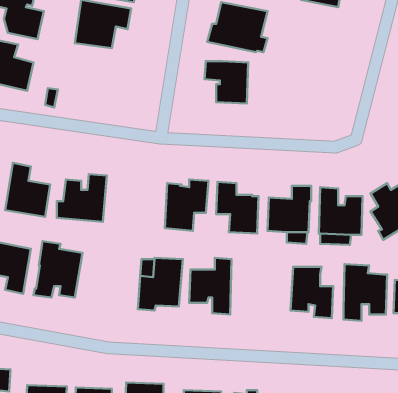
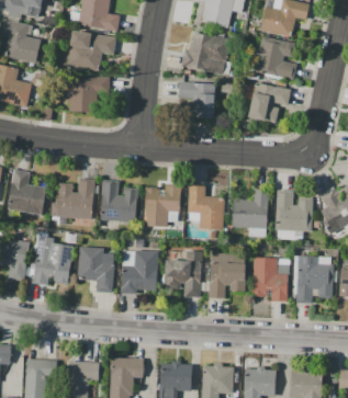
building: none -> [254,36,296,80]
building: none -> [69,77,109,112]
building: none -> [248,82,290,123]
building: none -> [100,180,138,223]
building: none -> [77,247,114,293]
building: none -> [210,252,246,299]

